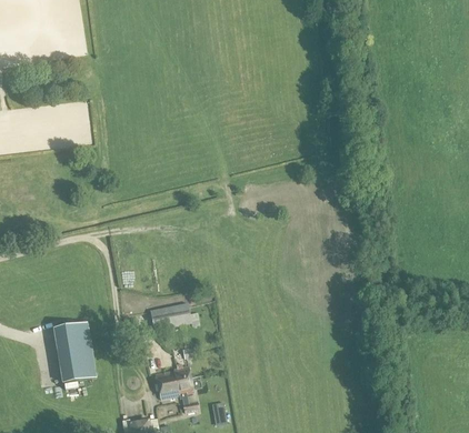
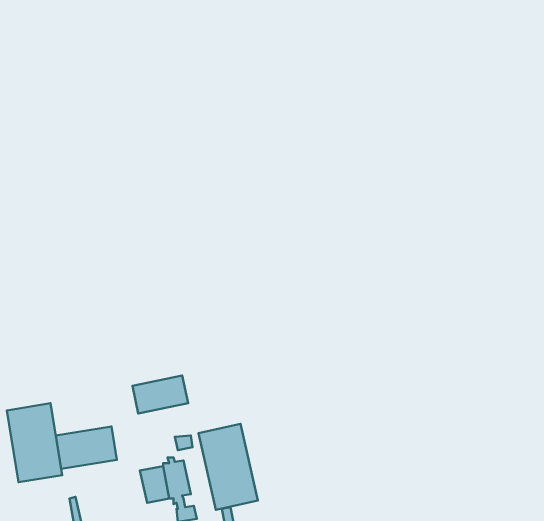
building: none -> [198,424,258,510]
building: none -> [56,426,117,469]

